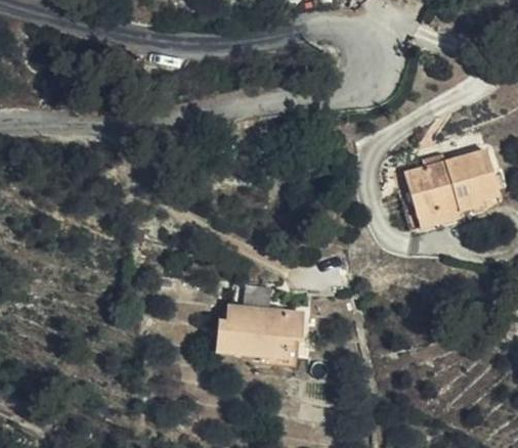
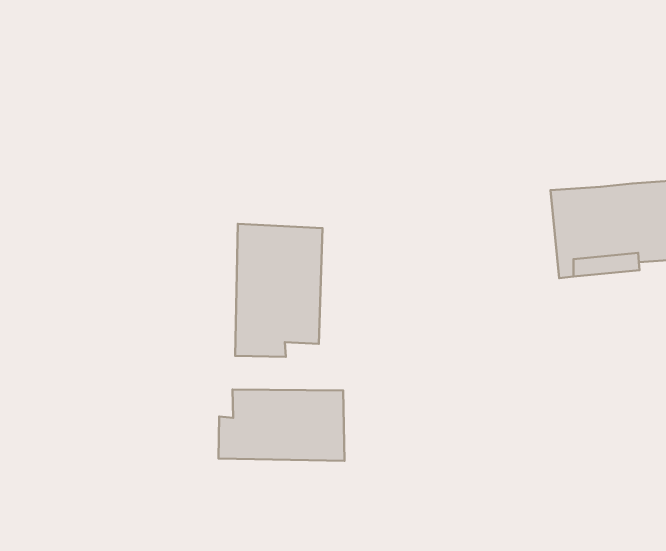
building: none -> [235,224,322,357]

